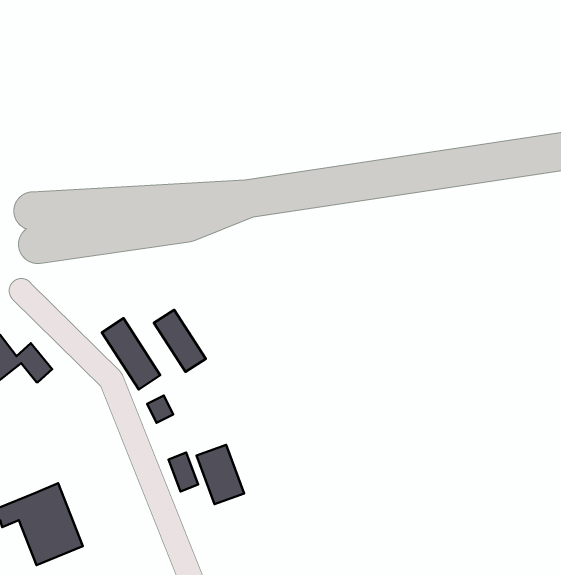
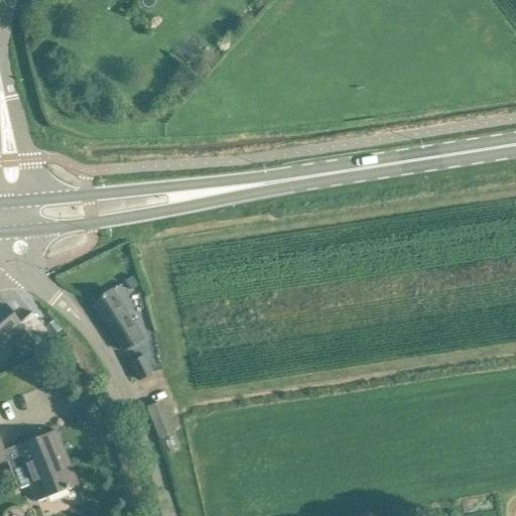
building: [154,310,206,372] -> none
building: [196,445,244,504] -> none

